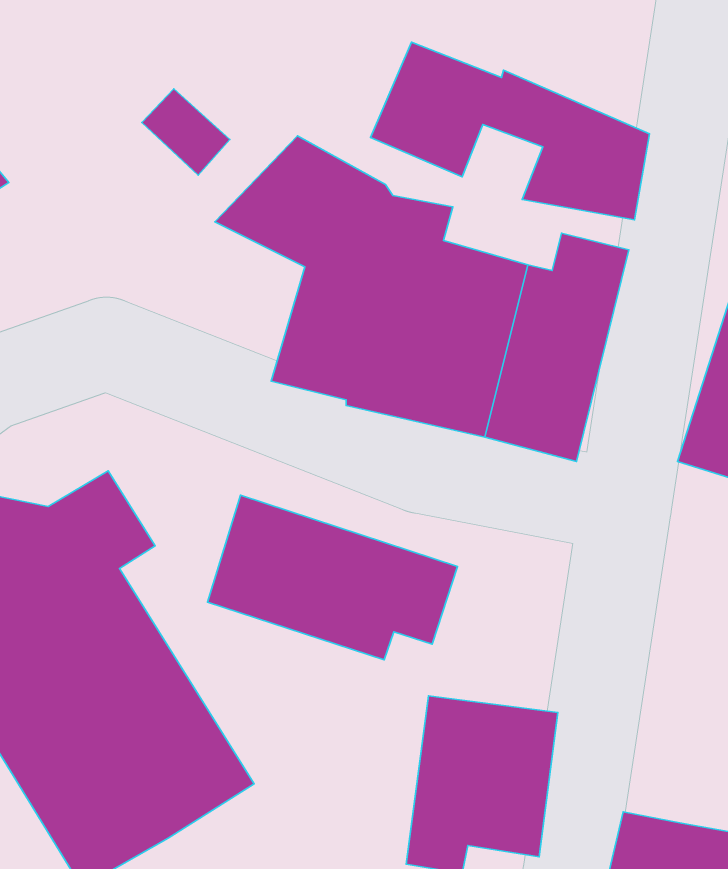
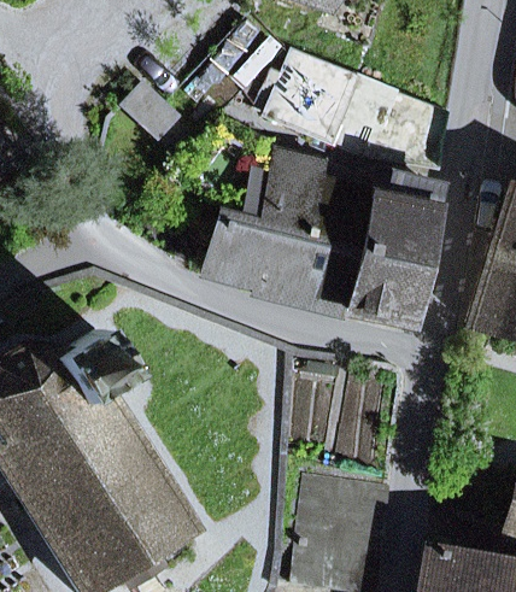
building: [207,495,457,660] -> none

